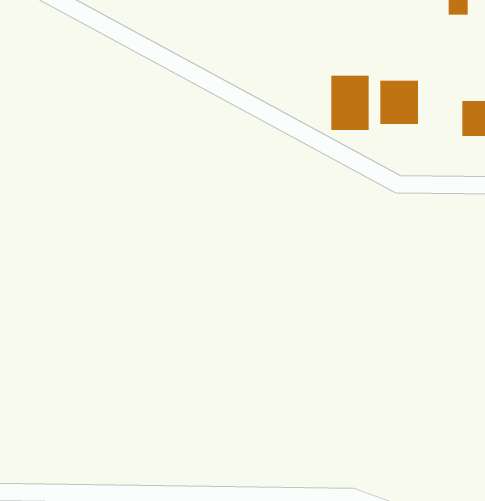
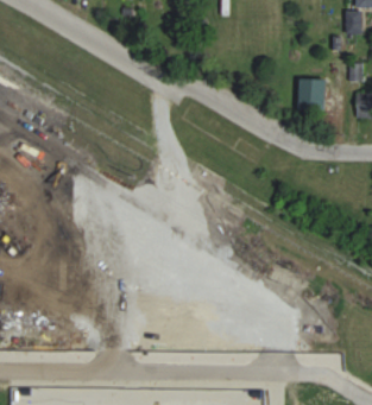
building: [331,75,369,131] -> none

